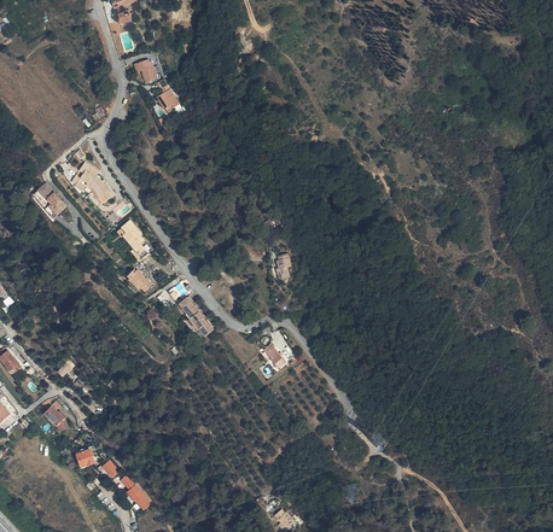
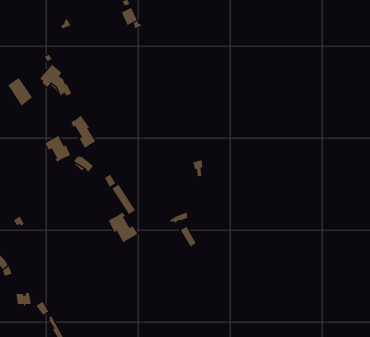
building: none -> [44,135,71,163]
building: none -> [108,212,138,243]

